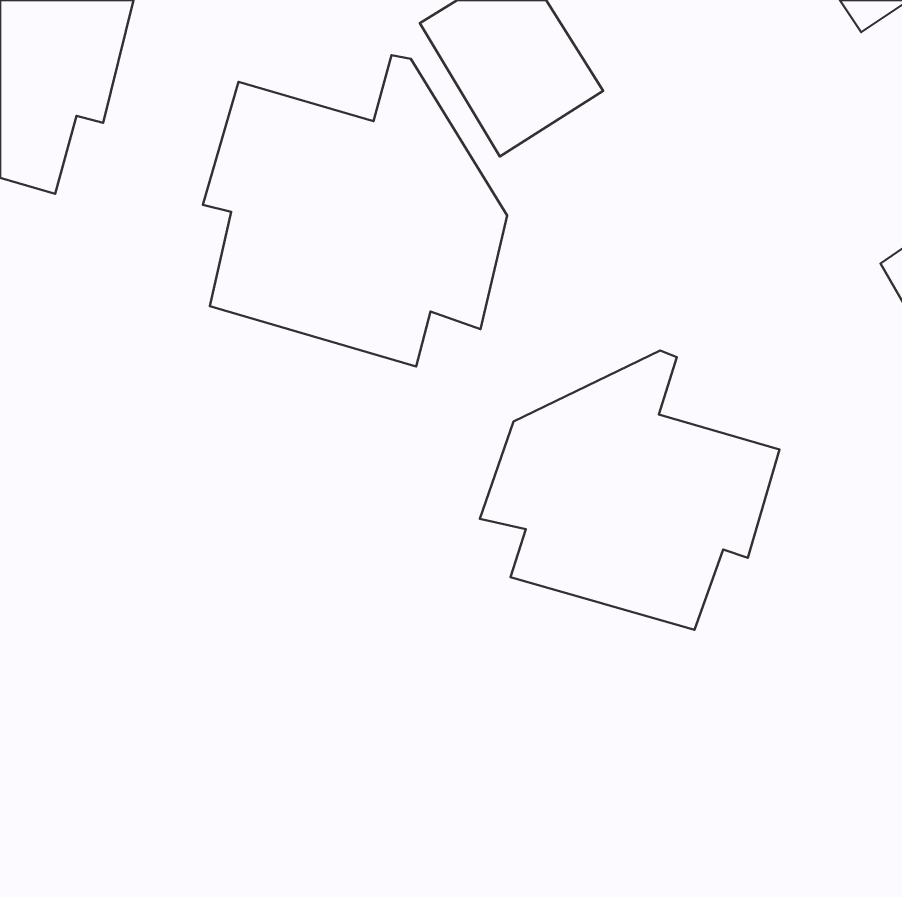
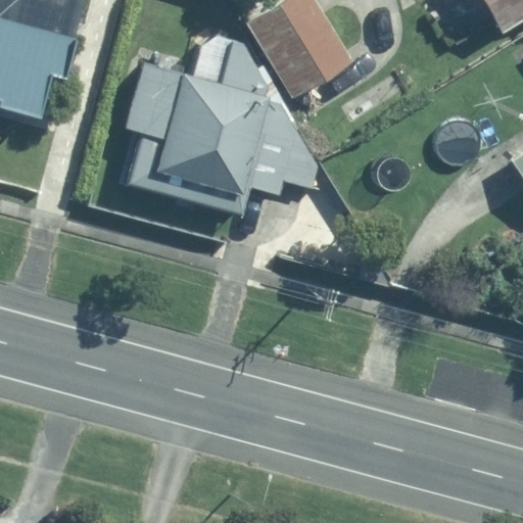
building: [480,350,779,630] -> none

